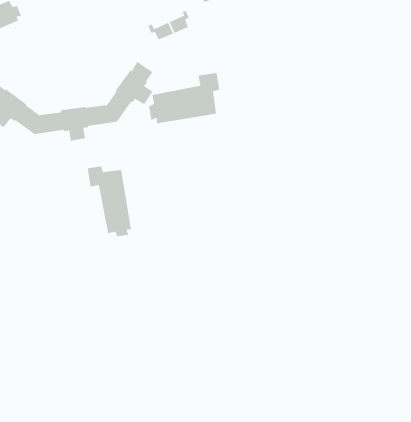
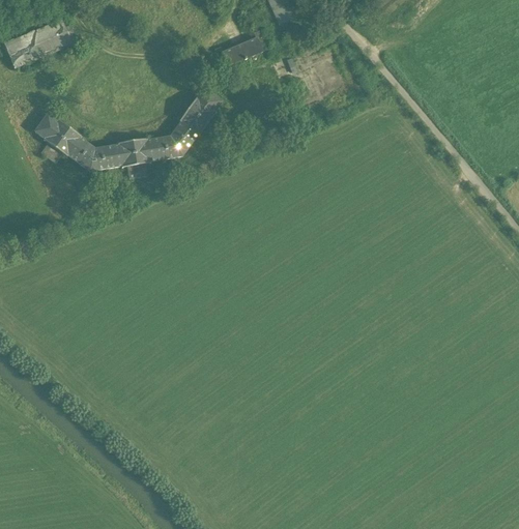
building: [148,72,220,124] -> none
building: [87,165,132,237] -> none

